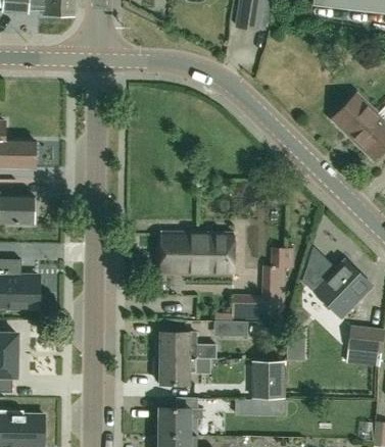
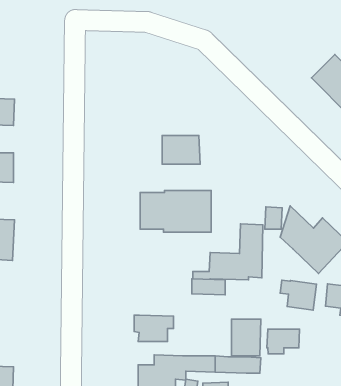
building: none -> [162,136,200,164]
building: none -> [280,280,316,310]
building: [155,331,216,358] -> none
building: none -> [267,329,299,354]

